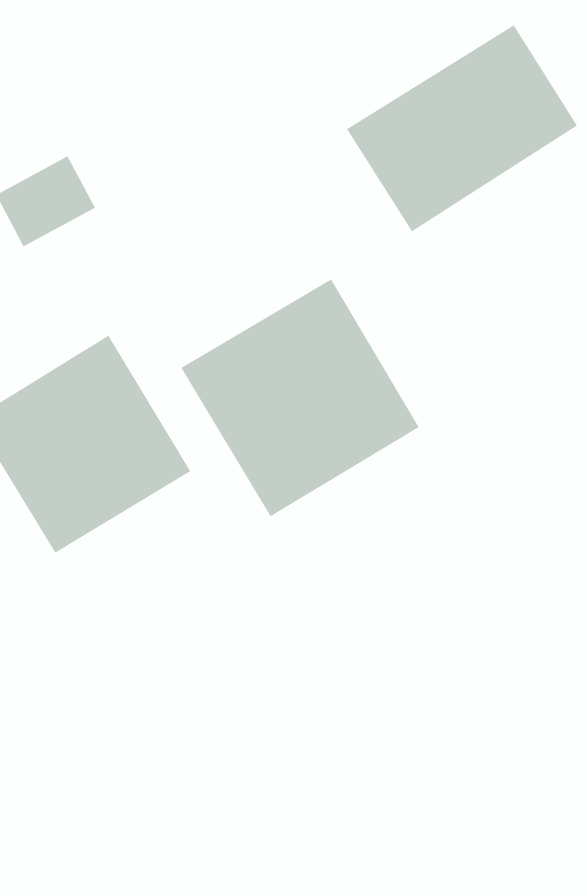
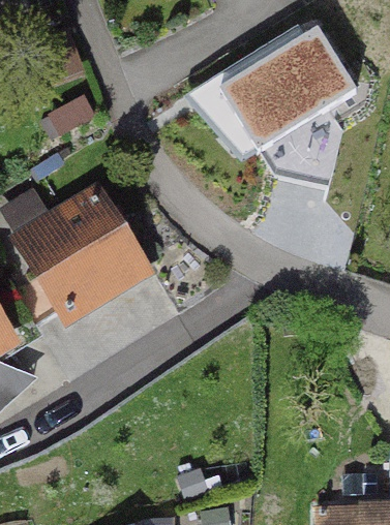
building: [180,279,420,517] -> none

